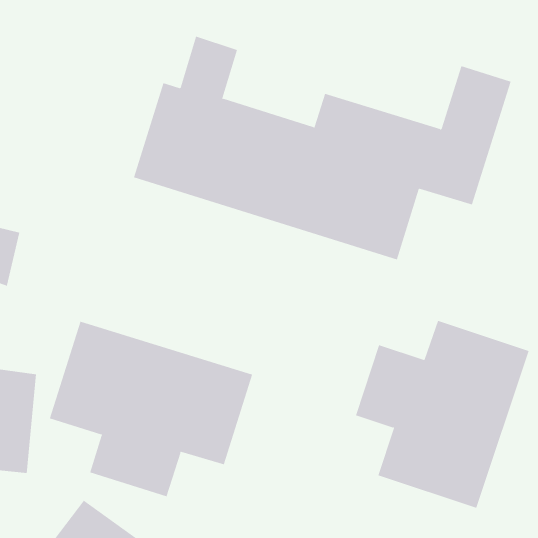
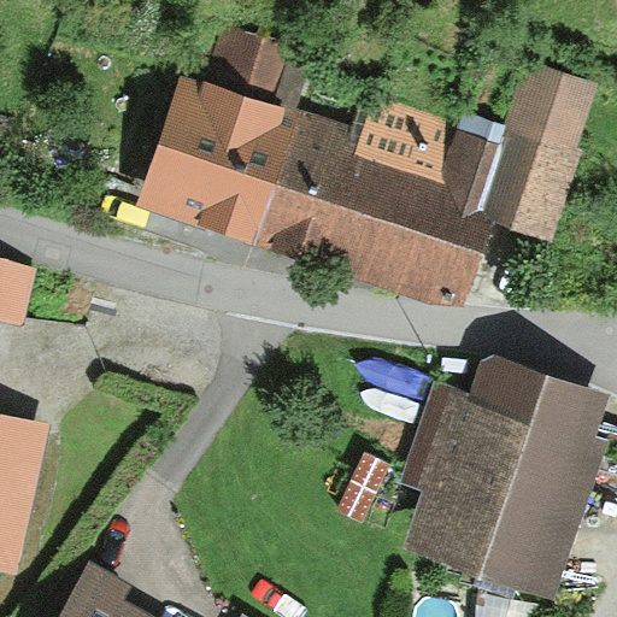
building: [49,321,253,497] -> none

